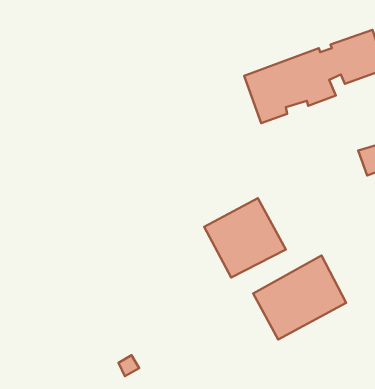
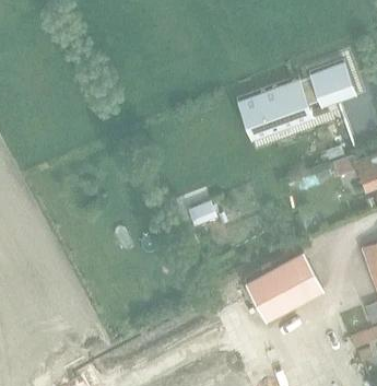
building: [204,198,286,278] -> none

